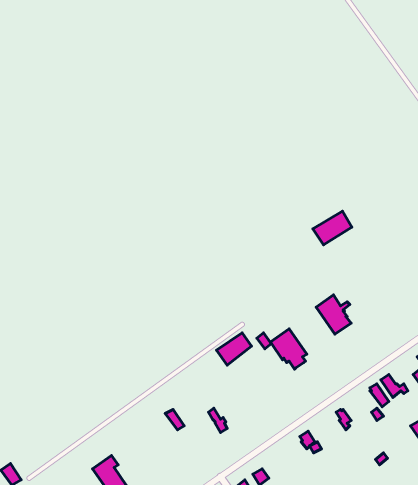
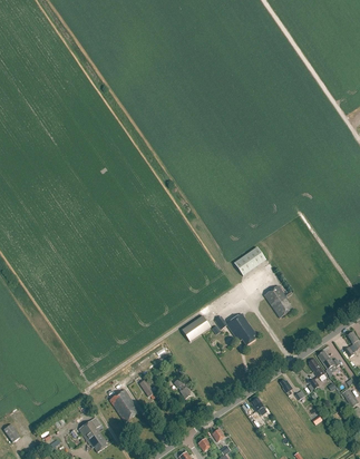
building: [313,211,352,245] -> [232,246,264,274]
building: none -> [109,390,140,422]

